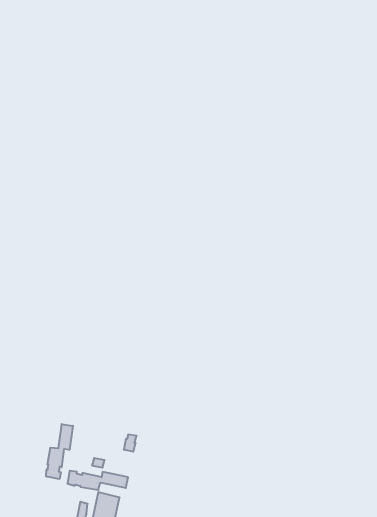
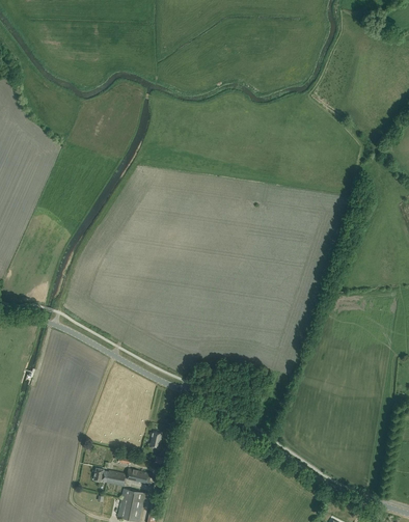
building: [46,424,73,479] -> none

